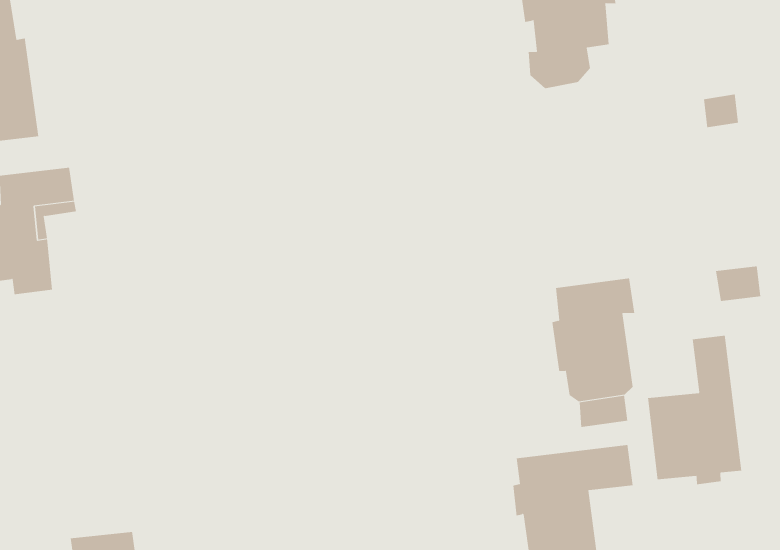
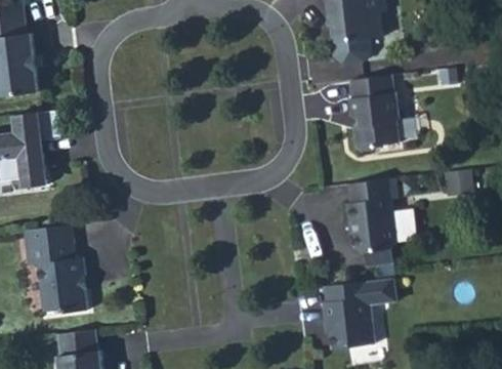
building: none -> [348,75,399,152]
building: [647,335,742,485] -> none
building: none -> [22,224,85,312]

